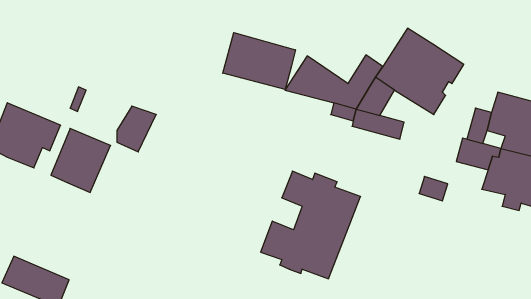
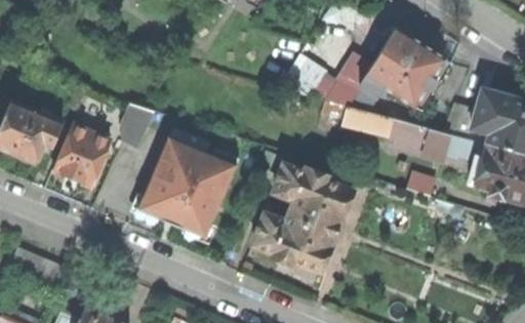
building: [223,33,295,90] -> none
building: none -> [389,119,449,158]
building: none -> [137,136,238,236]

